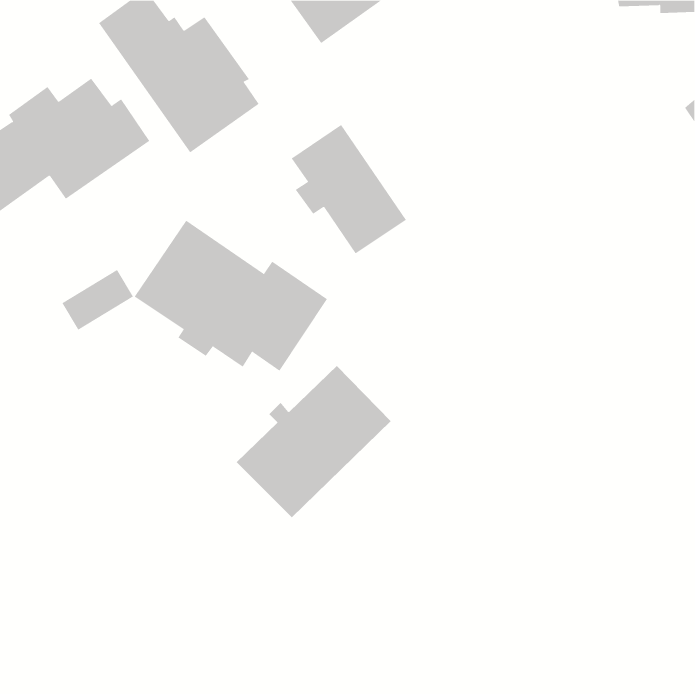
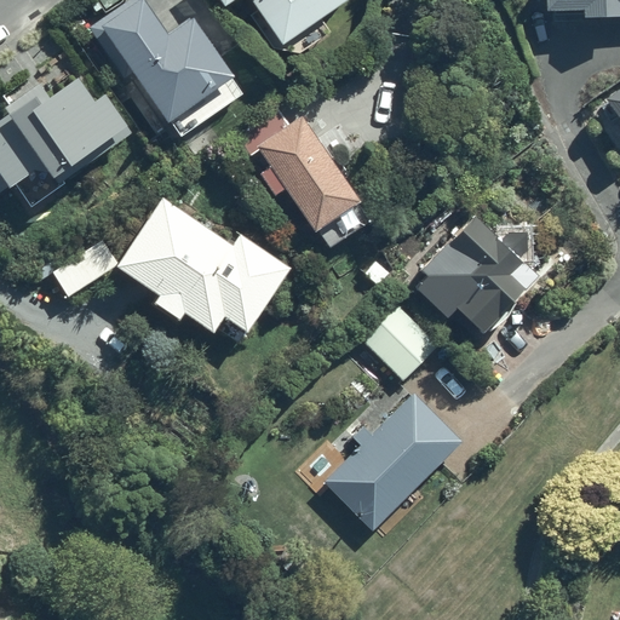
building: none -> [415,213,540,333]
building: none -> [361,308,437,383]
building: [236,365,391,518] -> [325,395,463,530]

